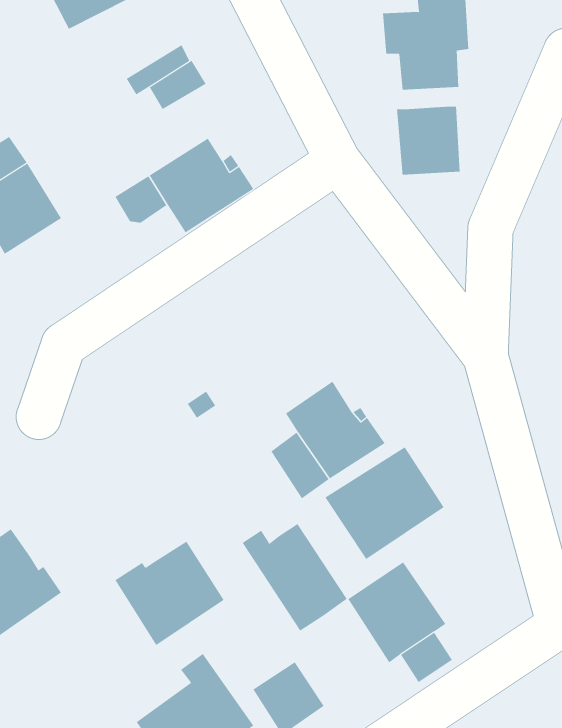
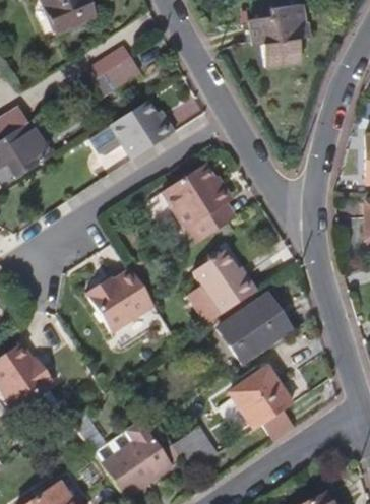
building: [397,106,460,176] -> none
building: none -> [162,166,235,244]
building: [242,523,348,631] -> none
building: [115,541,225,646] -> [84,268,152,333]

